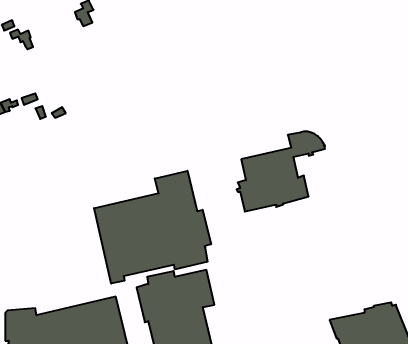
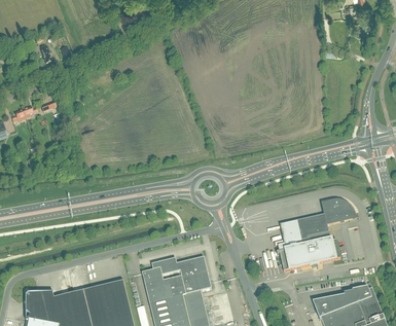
building: [237,131,325,212] -> [276,200,354,270]
building: [94,171,211,284] -> none

